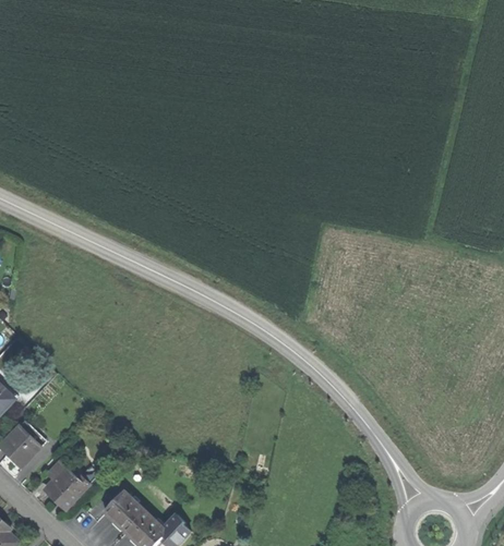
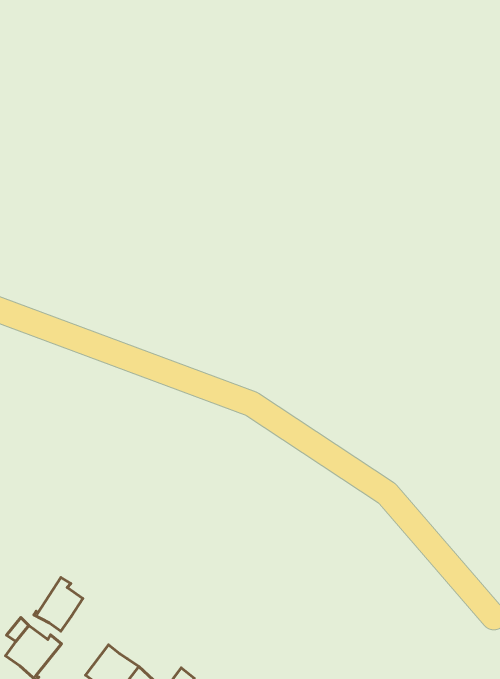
building: none -> [34,578,83,631]

